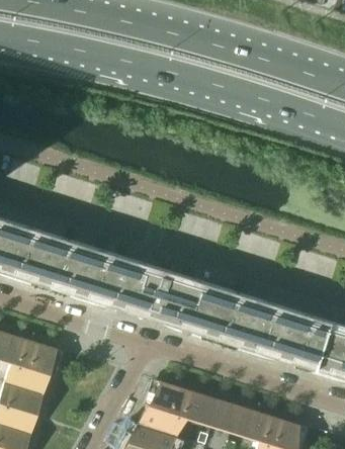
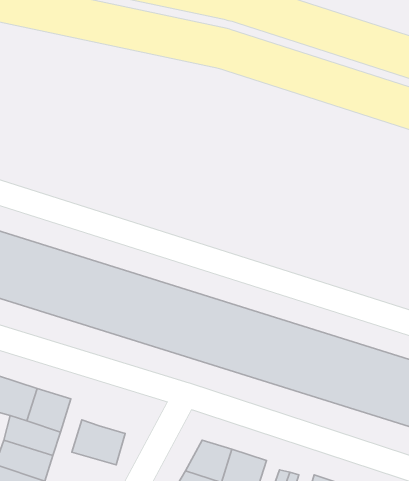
building: none -> [72,420,125,465]

